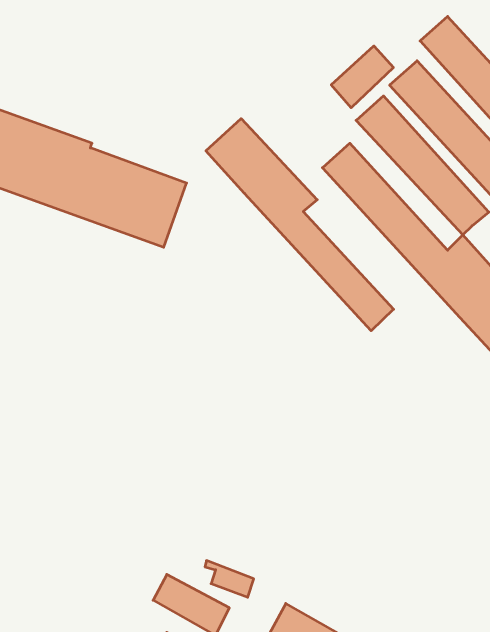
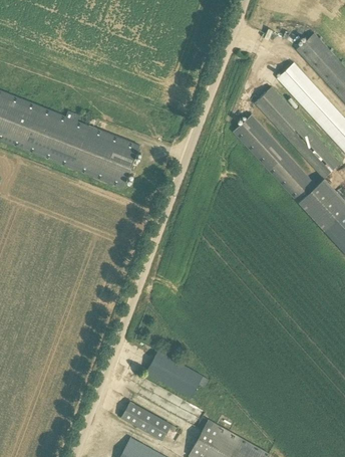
building: [331,46,393,108] -> none
building: [206,119,394,331] -> none
building: none -> [145,352,203,398]

